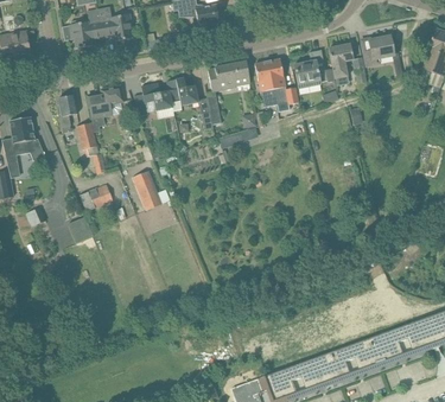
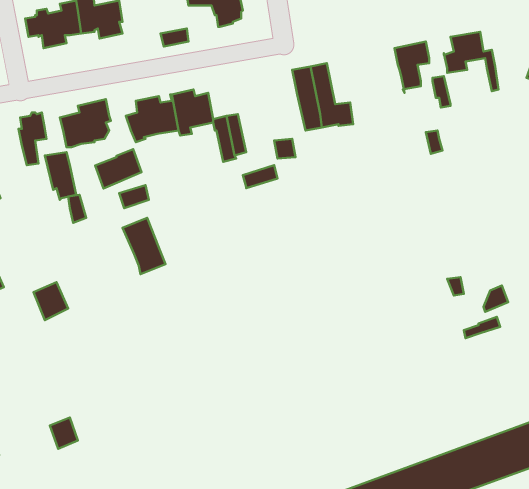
building: [293,49,335,88] -> none
building: [208,60,249,90] -> none
building: [80,183,113,211] -> [95,149,141,189]

